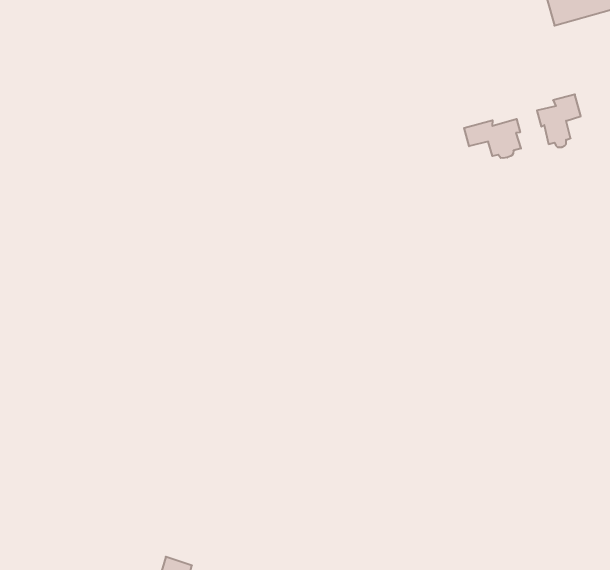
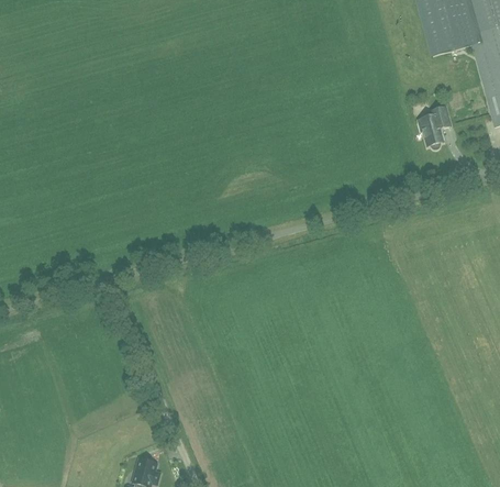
building: [464,119,521,158] -> none

